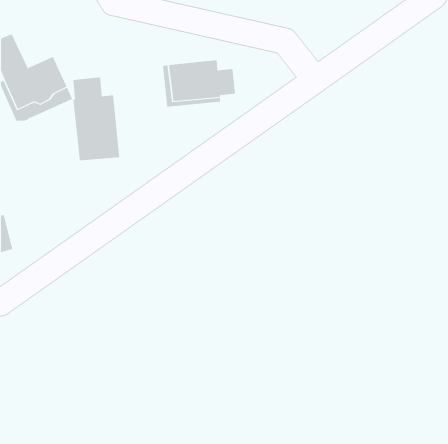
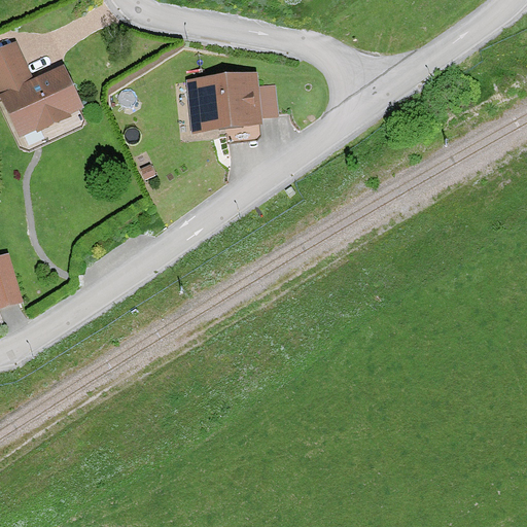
building: [73,77,120,161] -> none

